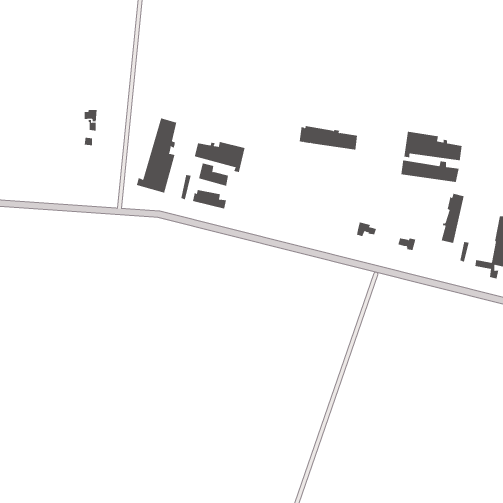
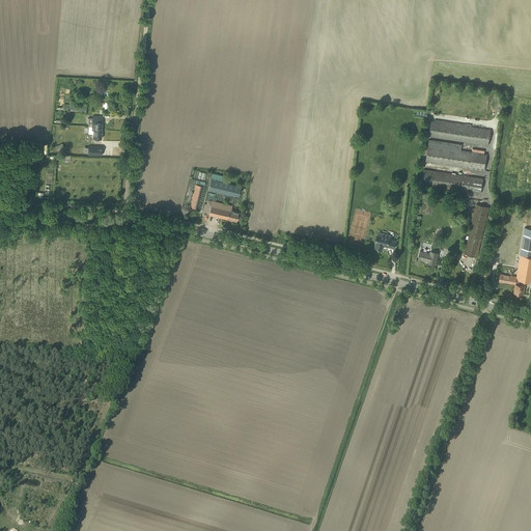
building: [136,117,177,193] -> none
building: [299,126,358,150] -> [429,118,492,144]
building: [194,141,245,173] -> none

